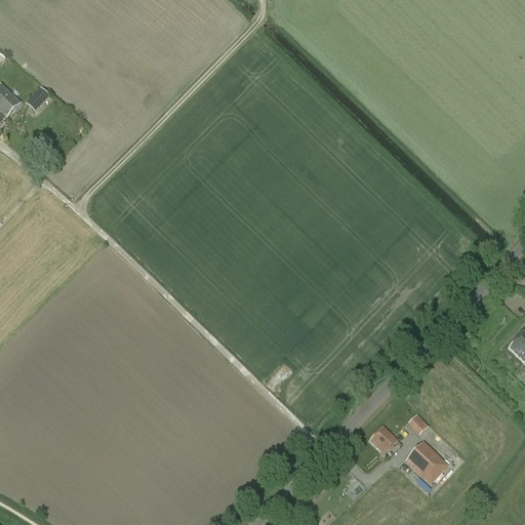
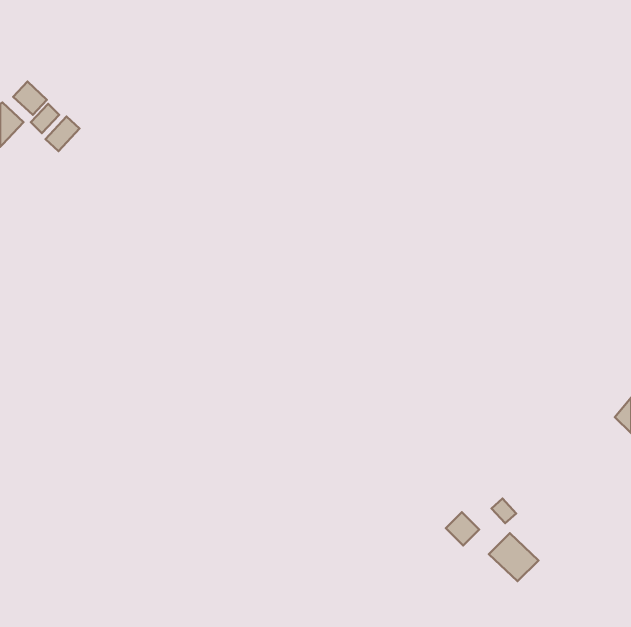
building: none -> [13,81,47,115]
building: none -> [46,117,80,151]

